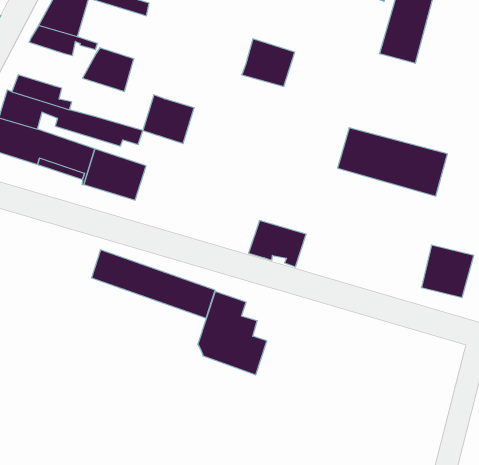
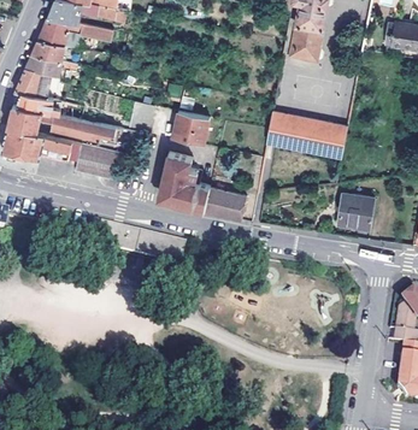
building: [242,39,295,86] -> [173,108,212,142]
building: [83,48,134,91] -> [16,65,53,96]
building: [198,291,267,375] -> [160,149,212,210]

